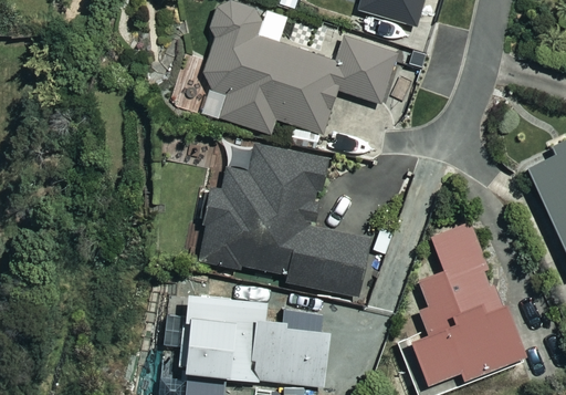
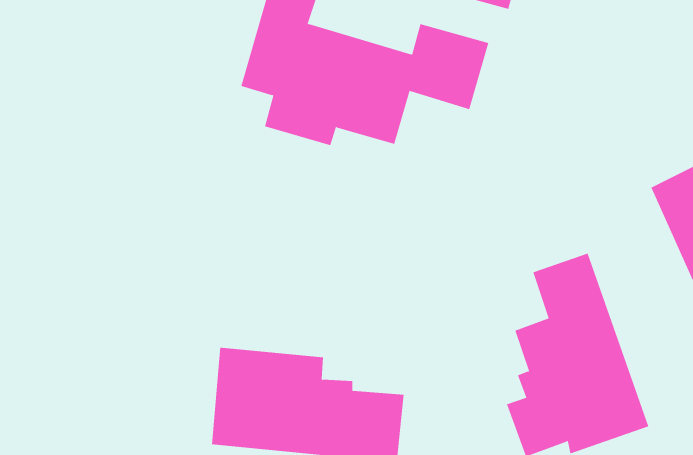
building: [198,146,367,295] -> none

